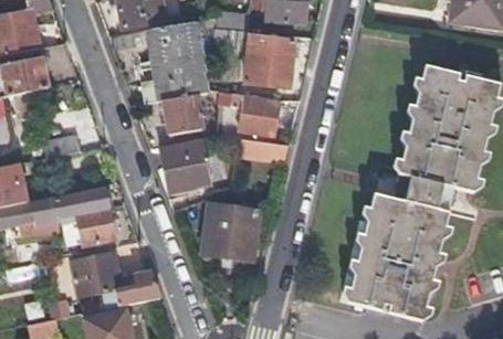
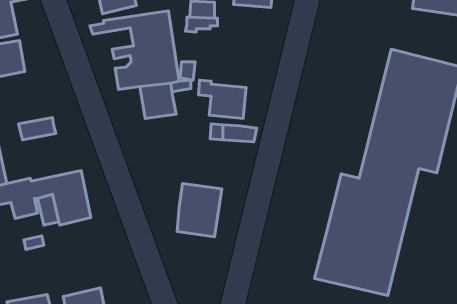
building: [254,33,297,86] -> none
building: [160,145,207,190] -> none
building: [52,252,158,318] -> none

